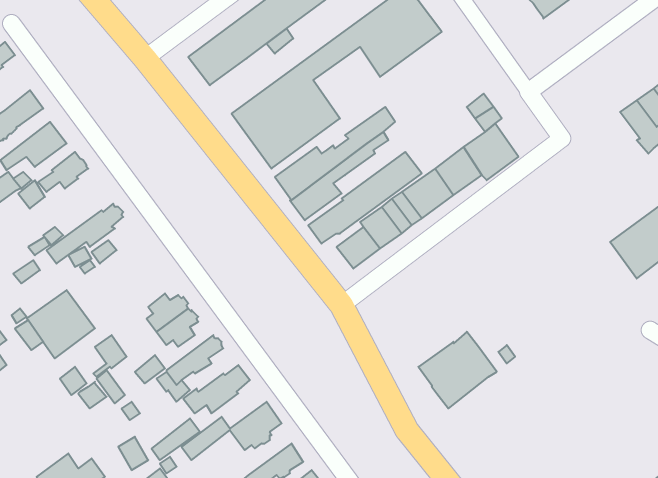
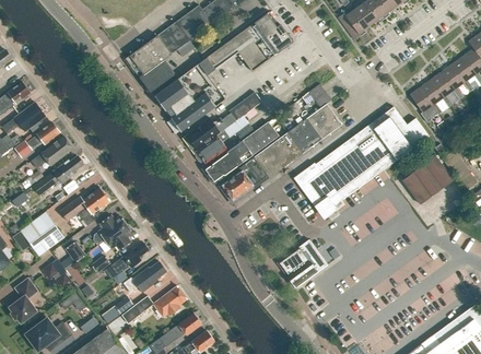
building: none -> [140,60,175,92]
building: none -> [300,107,429,214]
building: none -> [32,135,73,168]
building: none -> [60,187,109,221]
building: none -> [8,278,37,323]

